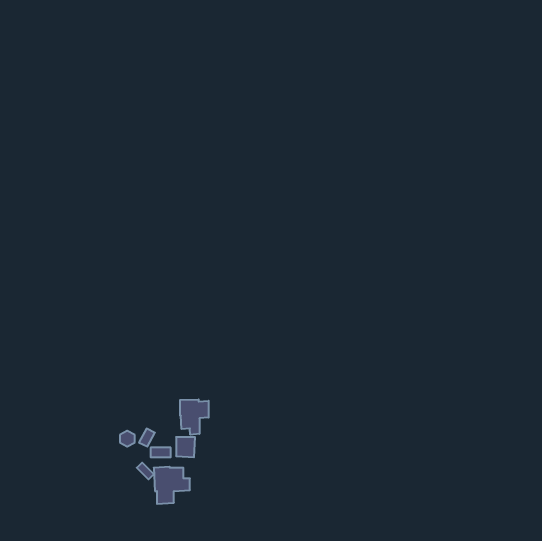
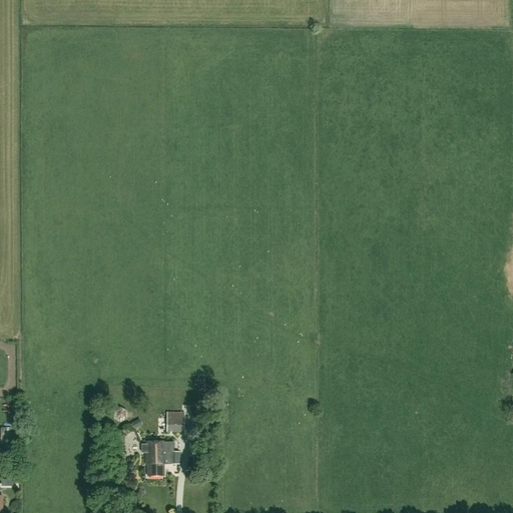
building: [180,399,209,435] -> none

